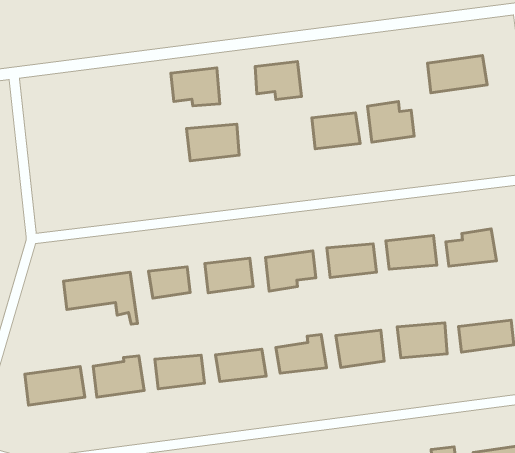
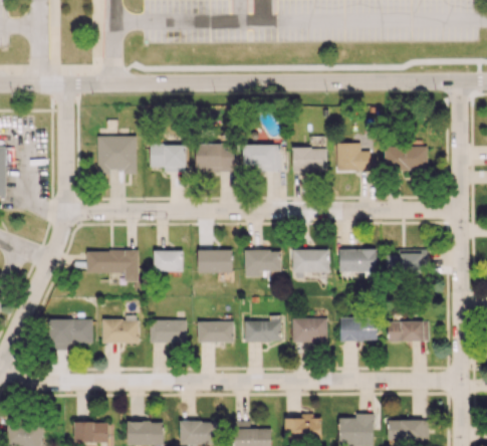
building: [427,56,487,93] -> [385,146,429,170]
building: [255,62,302,99] -> [243,145,277,172]
building: [171,68,220,106] -> [151,145,187,173]
building: none -> [98,136,138,174]

